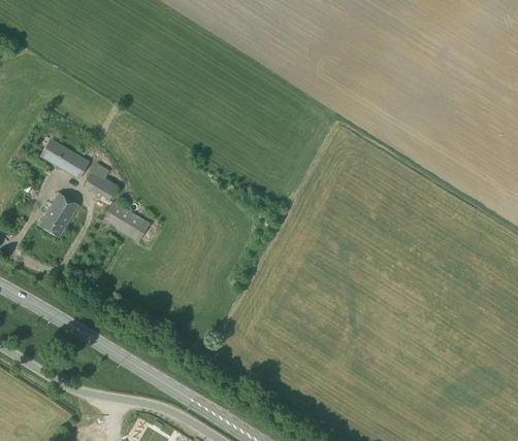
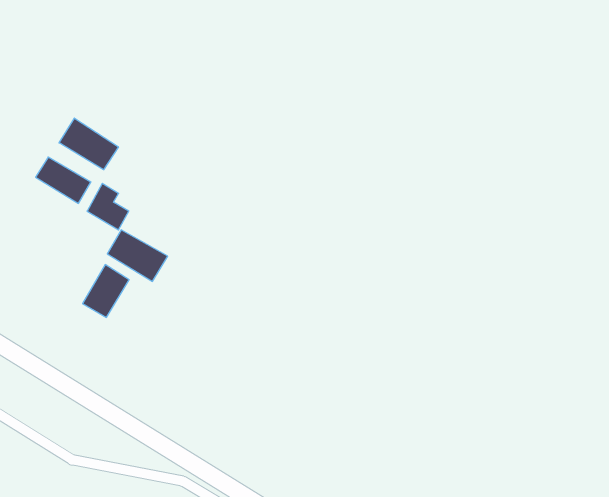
building: none -> [59,118,118,170]
building: [40,193,78,236] -> [83,265,129,317]

